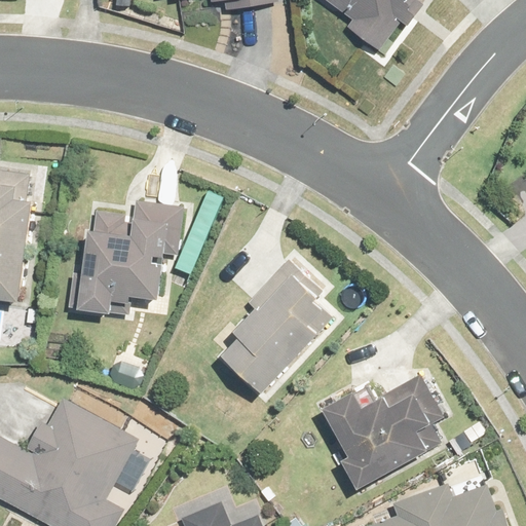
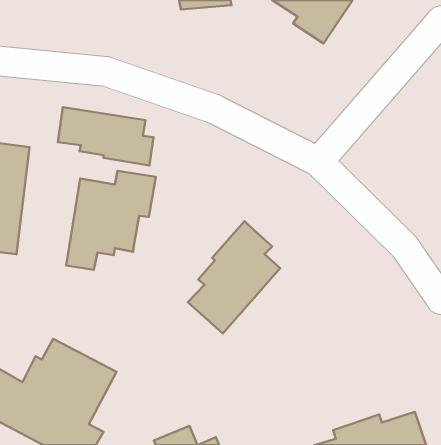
building: none -> [58,107,154,165]
building: [321,376,441,491] -> none

